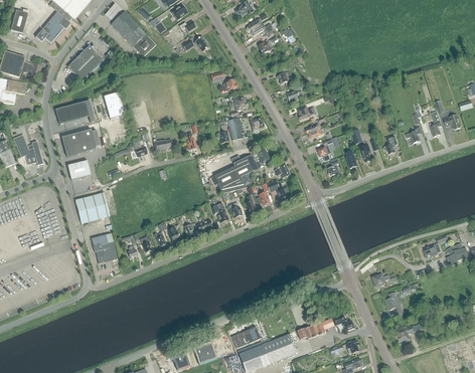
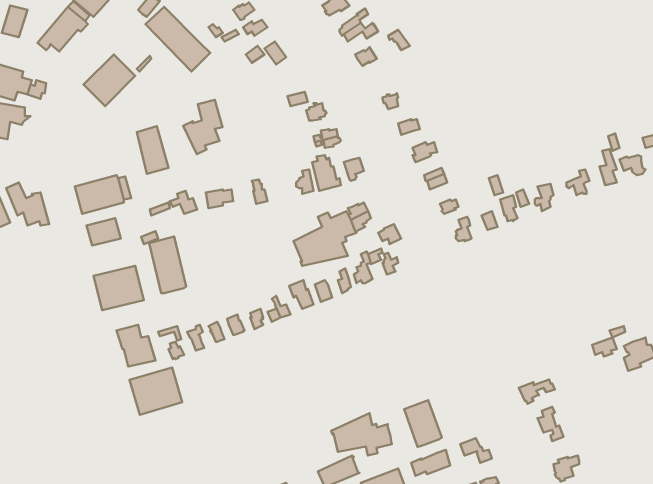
building: none -> [183,100,222,154]
building: [55,101,89,124] -> none
building: none -> [149,237,186,293]
building: none -> [130,368,182,415]
building: none -> [404,400,442,447]
building: none -> [331,413,392,456]

